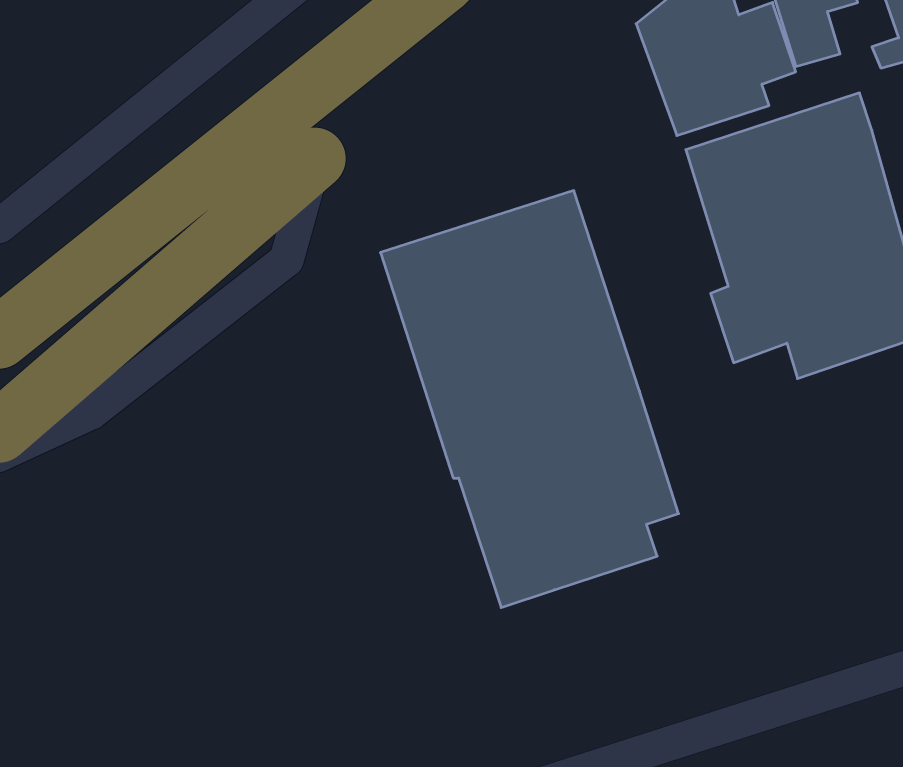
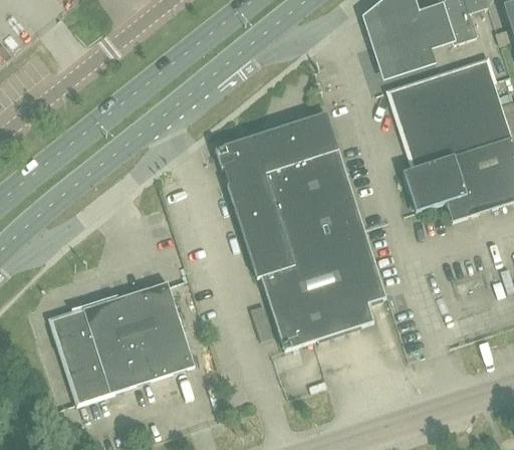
building: none -> [51,280,195,402]

